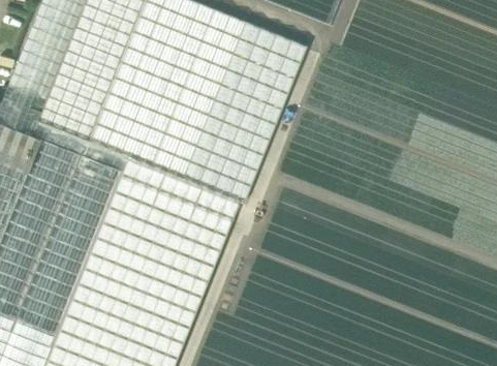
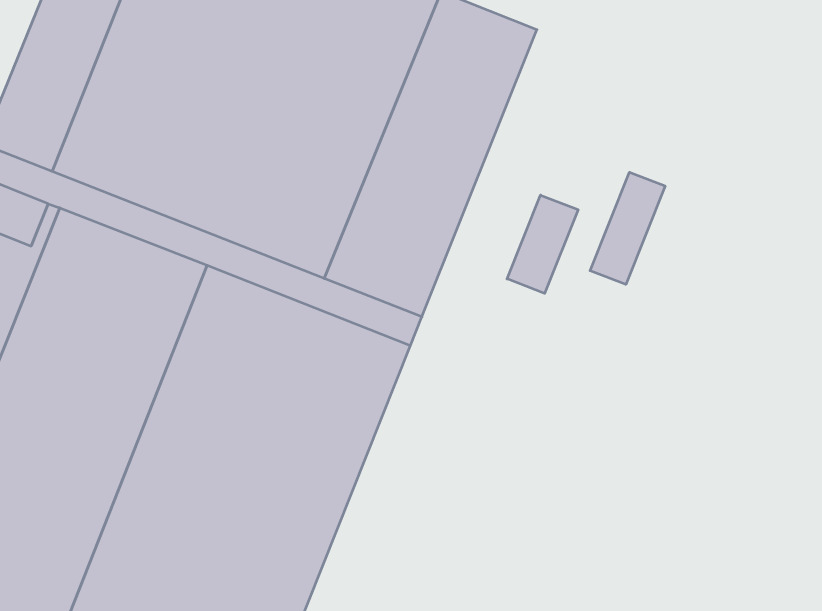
building: none -> [590,172,665,284]
building: none -> [507,195,578,293]

